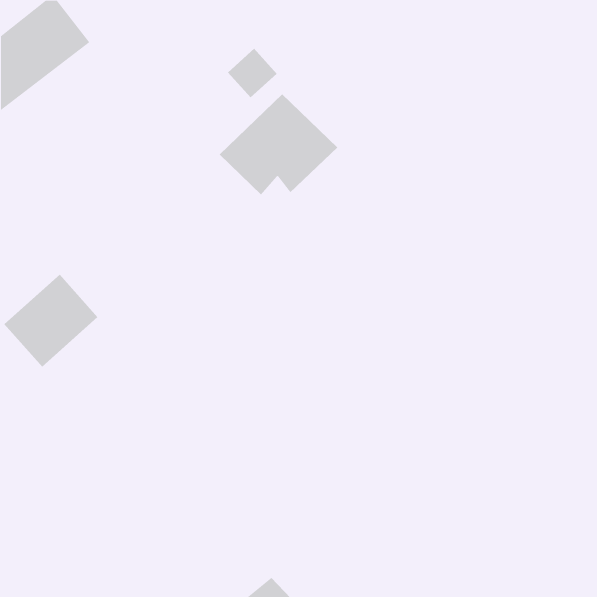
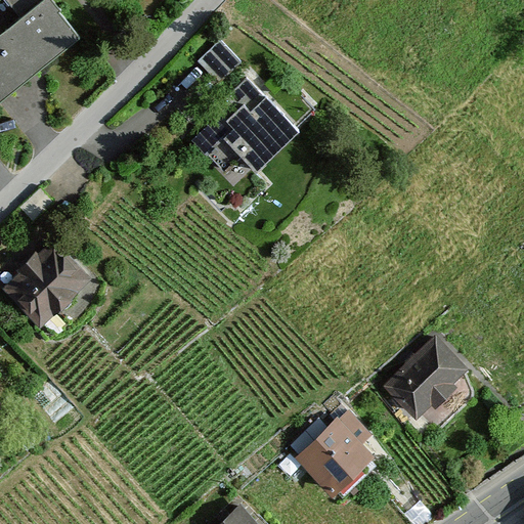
building: none -> [386,338,468,419]
building: none -> [299,421,372,492]

